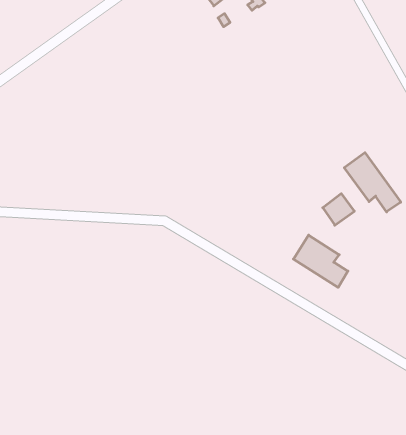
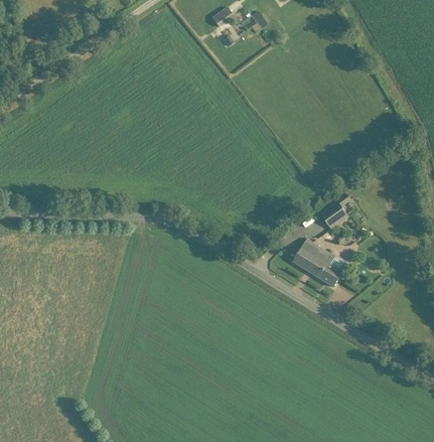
building: [344,153,401,212] -> none

